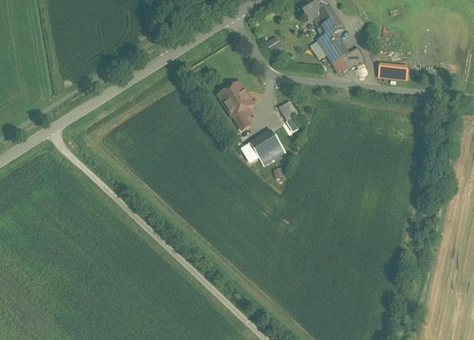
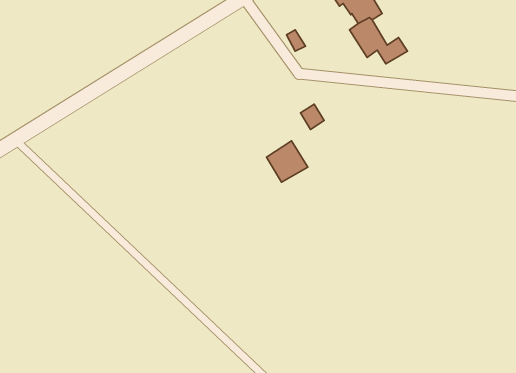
building: [378,59,408,77] -> none
building: [219,83,252,131] -> none

